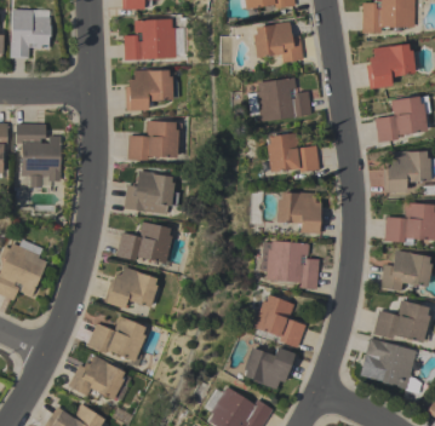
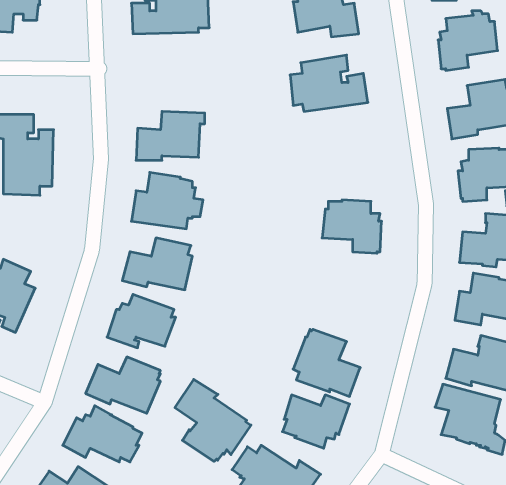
building: [126,69,179,110] -> none
building: [265,132,320,172] -> none
building: [261,241,319,288] -> none
building: none -> [175,379,251,461]

